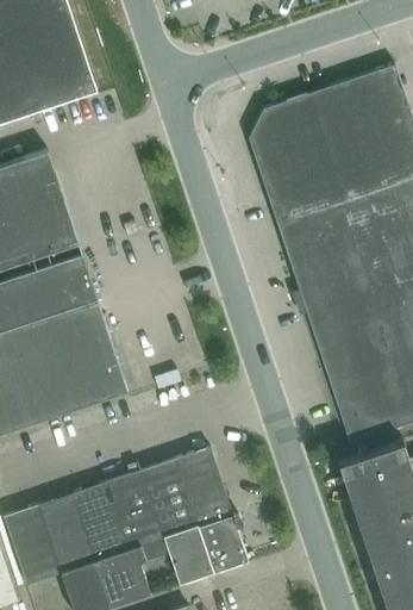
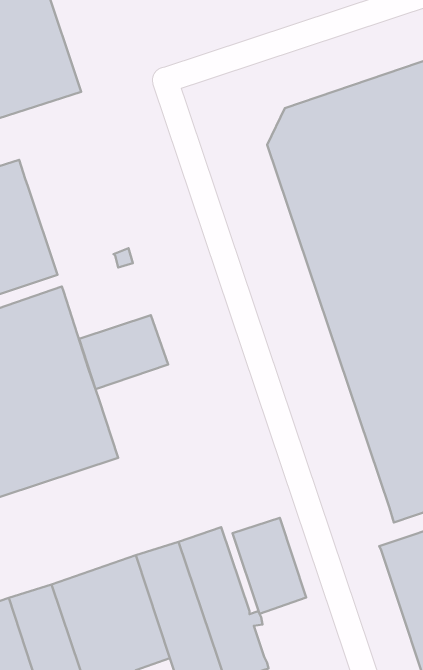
building: none -> [79,315,168,389]
building: none -> [232,518,306,614]

